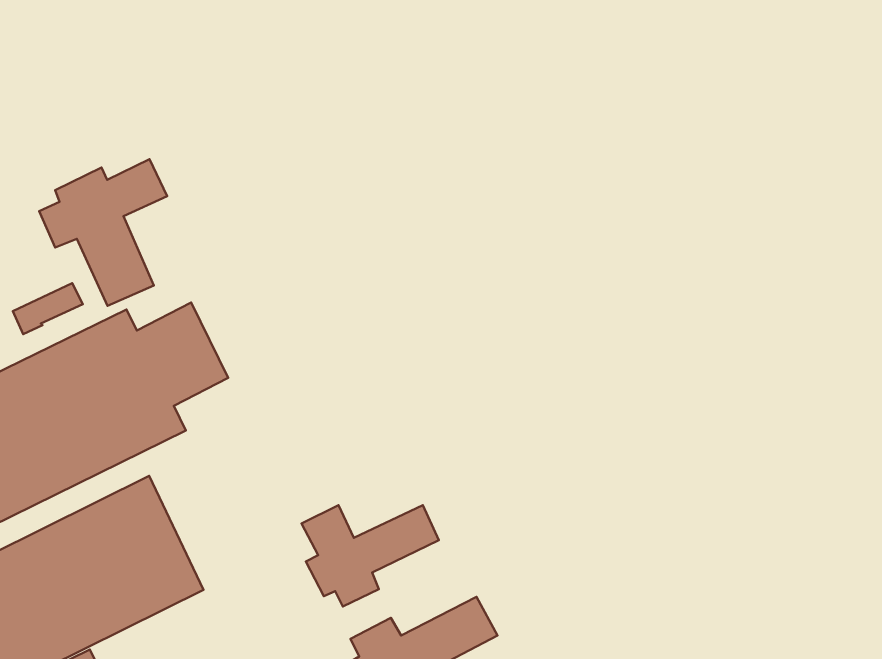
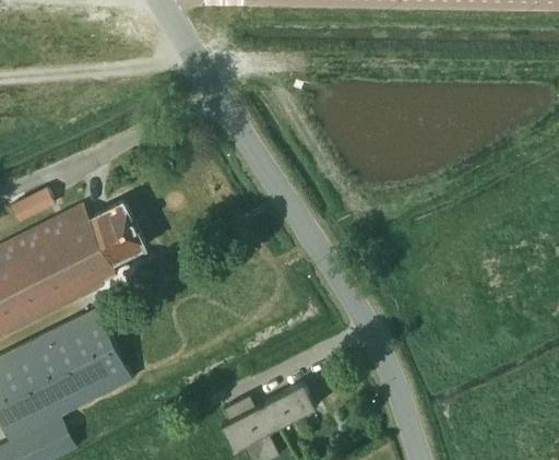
building: [39,159,167,306] -> none
building: [301,505,439,606] -> none

